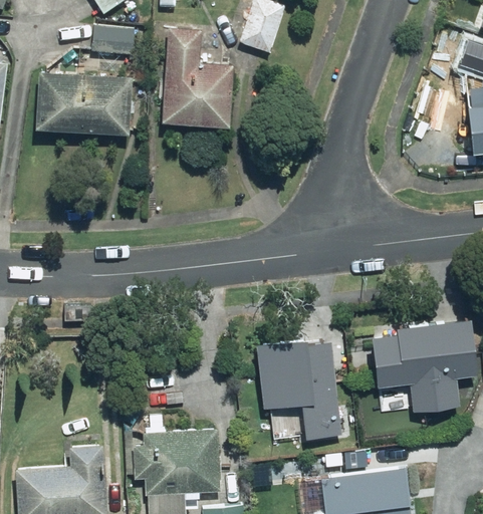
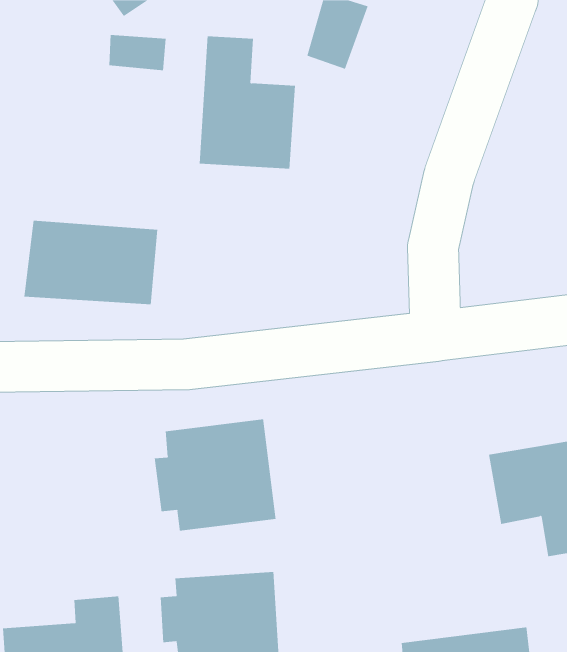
building: [33,71,134,135] -> [24,220,158,305]
building: none -> [154,419,276,531]
building: [252,337,343,439] -> none

